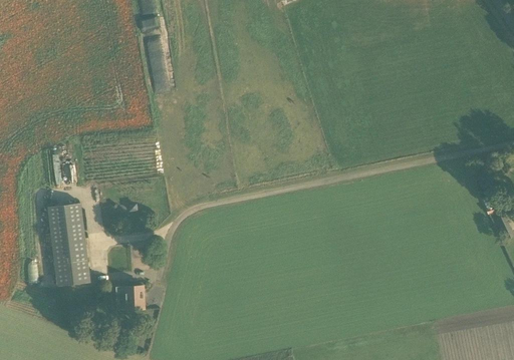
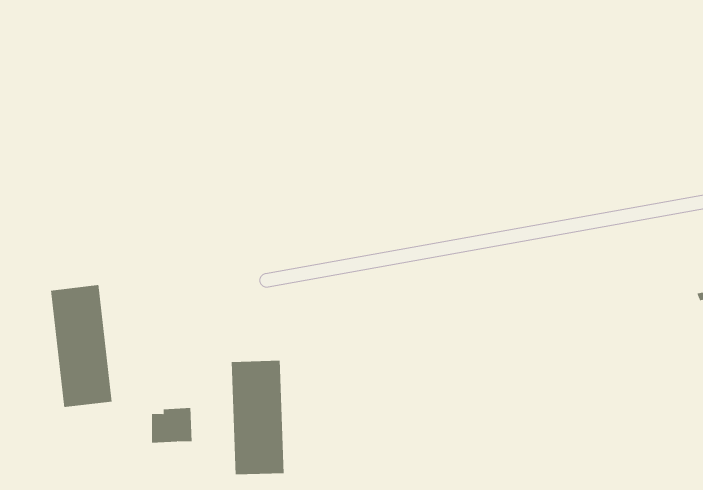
building: none -> [231,360,284,475]

